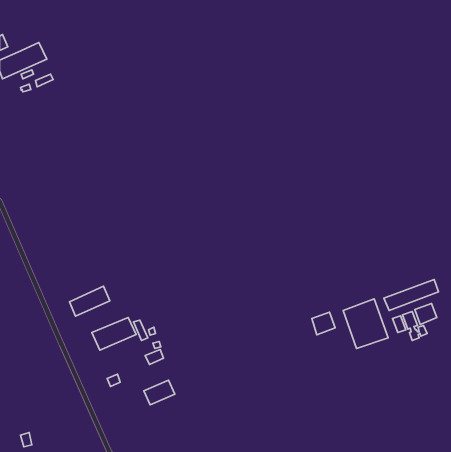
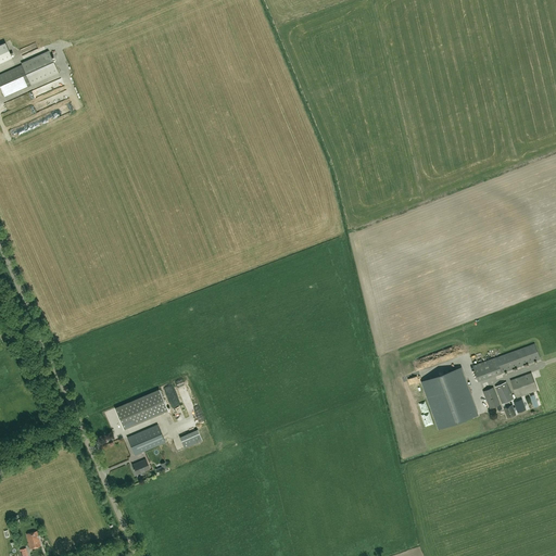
building: [70,286,110,316] -> none
building: [312,312,335,335] -> none
building: [144,380,175,405] -> [126,425,164,455]

